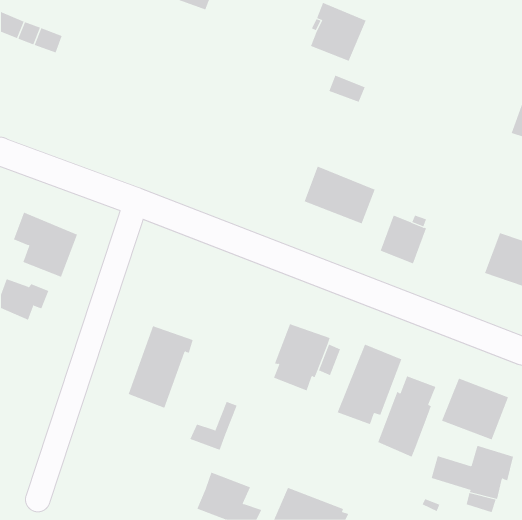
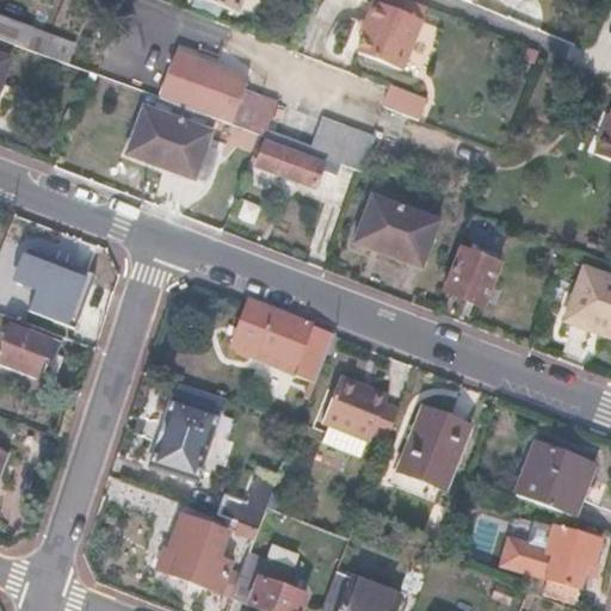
building: none -> [156,51,276,136]
building: none -> [129,109,215,180]
building: none -> [308,121,374,173]
building: none -> [257,143,315,185]
building: none -> [230,298,335,374]
building: [377,376,436,457] -> none
building: none -> [162,512,240,593]

